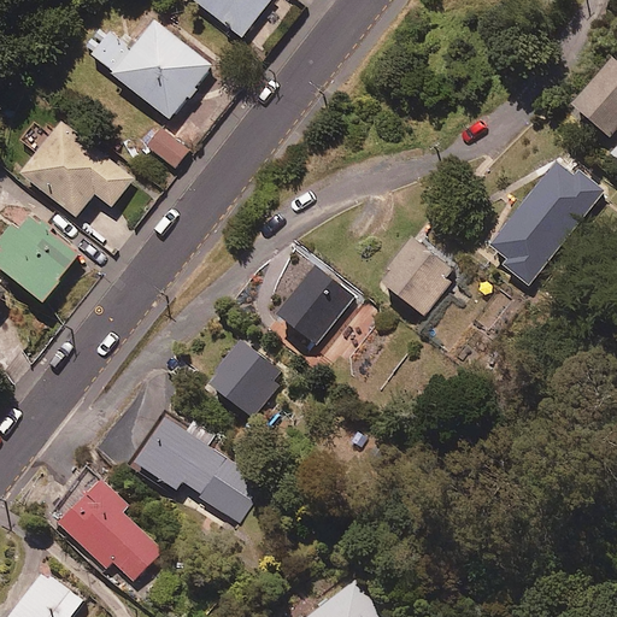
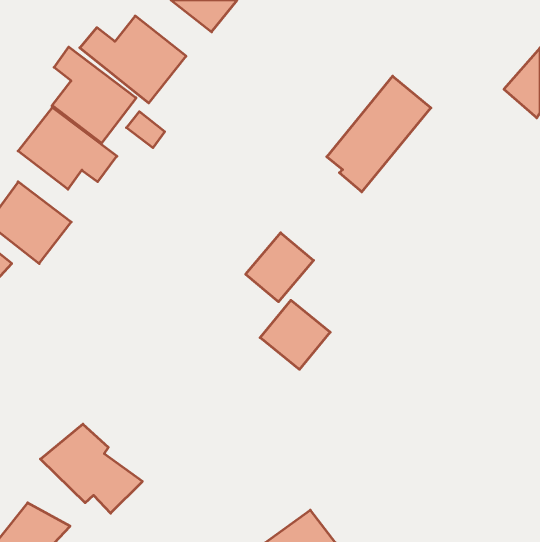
building: none -> [52,47,136,143]
building: [488,154,606,286] -> [327,76,431,192]
building: [381,236,459,316] -> none
building: [207,339,287,417] -> [260,300,330,369]
building: [133,417,265,523] -> none

